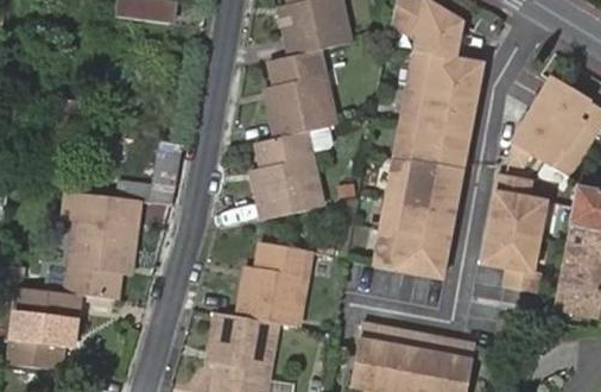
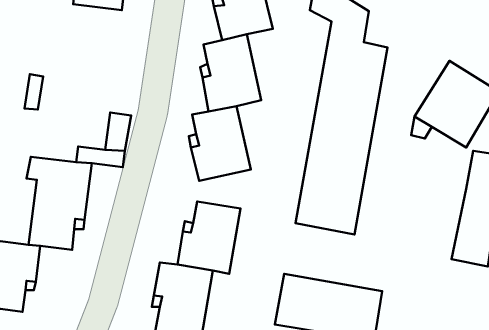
building: [481,176,545,295] -> none

